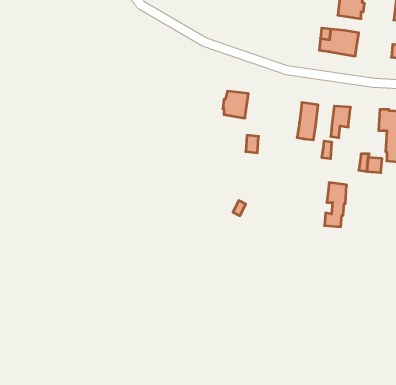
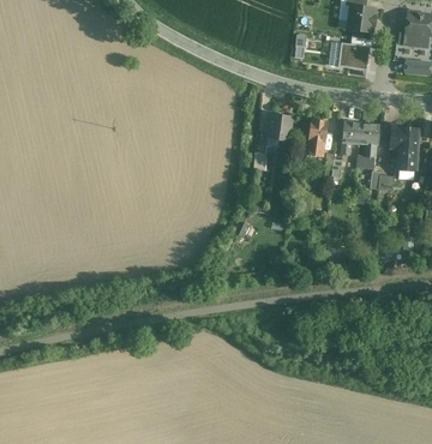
building: [223,91,248,118] -> [266,114,293,142]
building: [324,183,347,227] -> [356,124,379,169]

